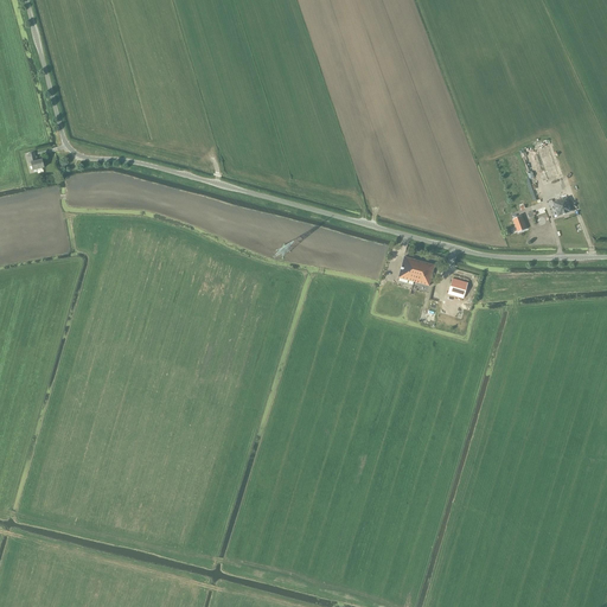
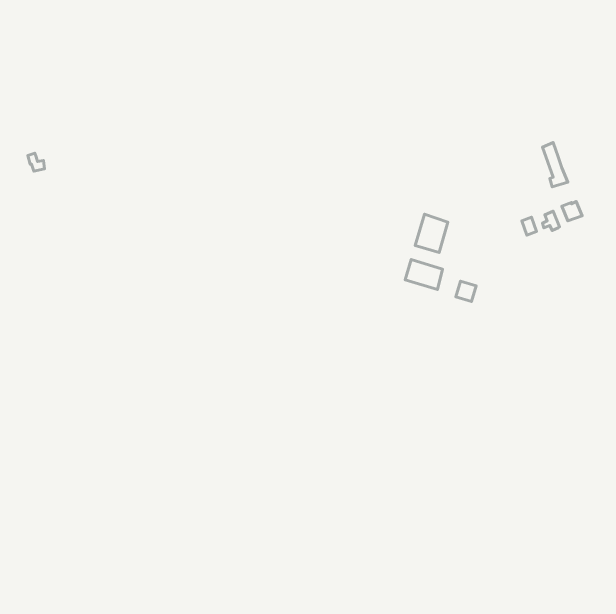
building: none -> [415,214,448,253]

